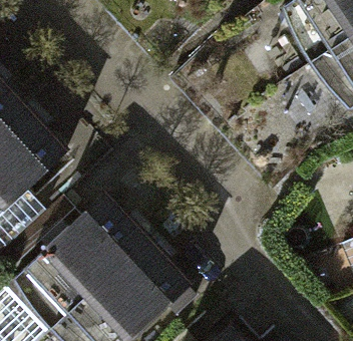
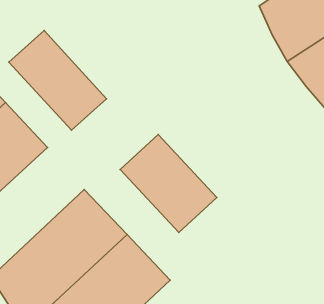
building: none -> [9,31,107,130]
building: none -> [120,135,217,232]

